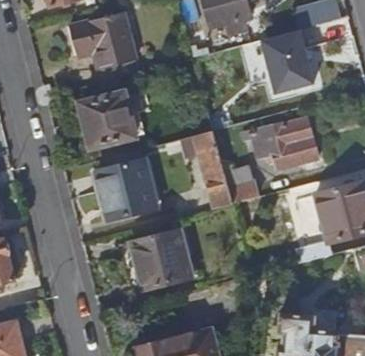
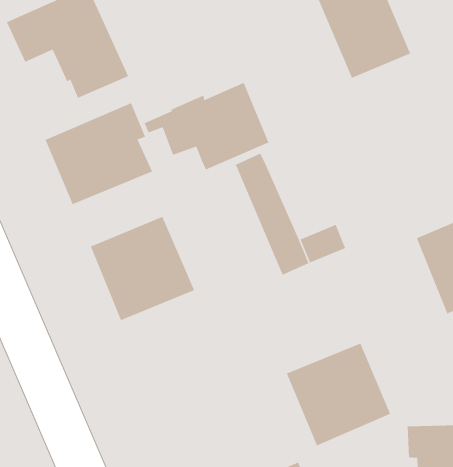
building: [240,119,316,170] -> [143,82,270,170]
building: [131,230,192,290] -> [286,342,391,446]

